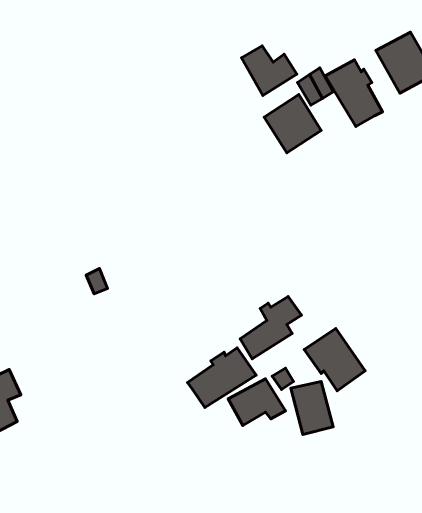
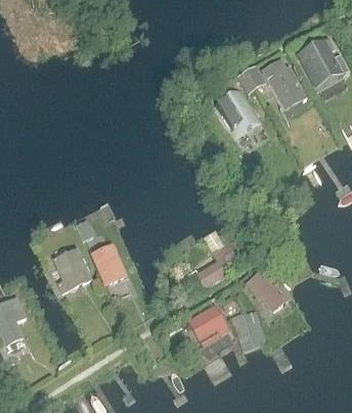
building: [241,46,297,96] -> none
building: none -> [89,242,126,285]
building: none -> [53,247,90,291]
building: [187,348,256,408] -> none

